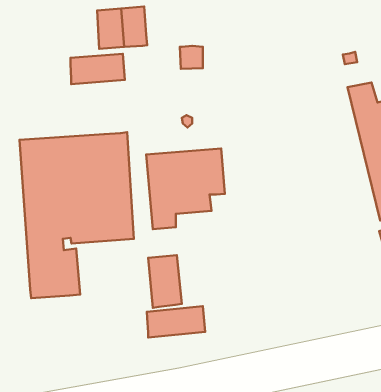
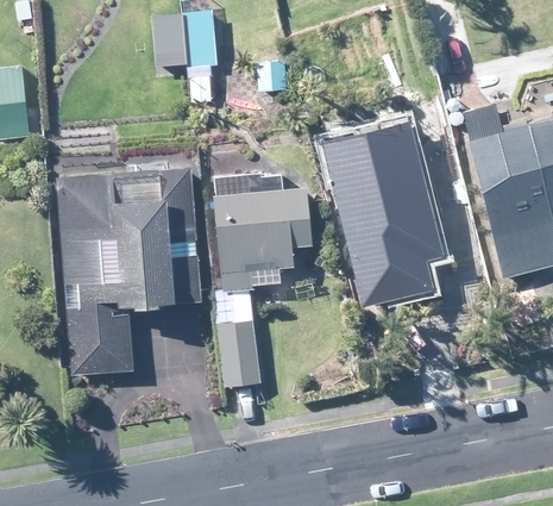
building: [70,54,125,84] -> none
building: none -> [325,133,446,307]
building: [147,306,205,338] -> none

